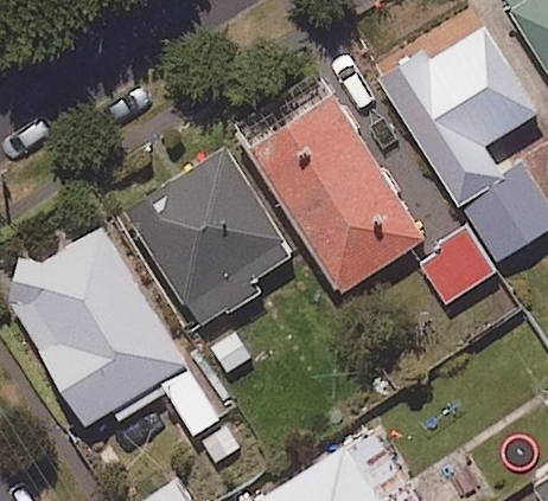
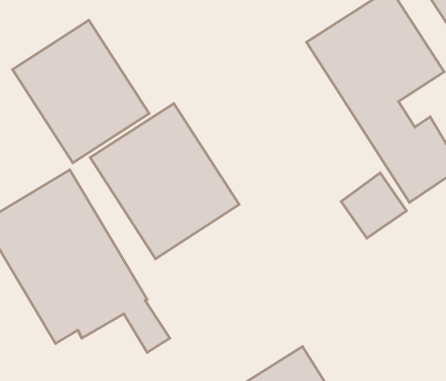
building: none -> [13,20,149,163]
building: [247,94,423,293] -> none

